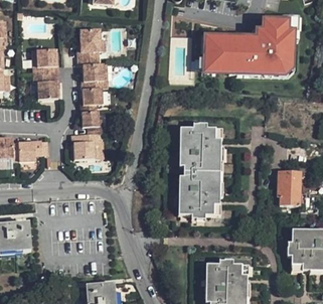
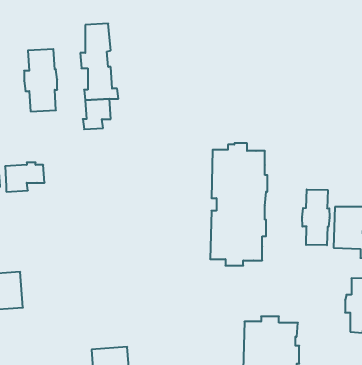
building: [199,16,294,75] -> none
building: [68,110,101,158] -> none
building: none -> [302,189,329,245]

